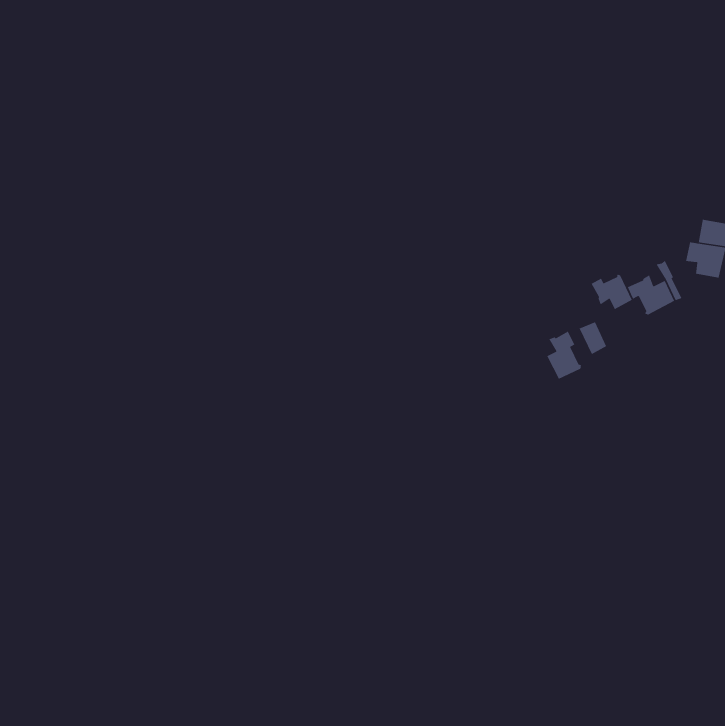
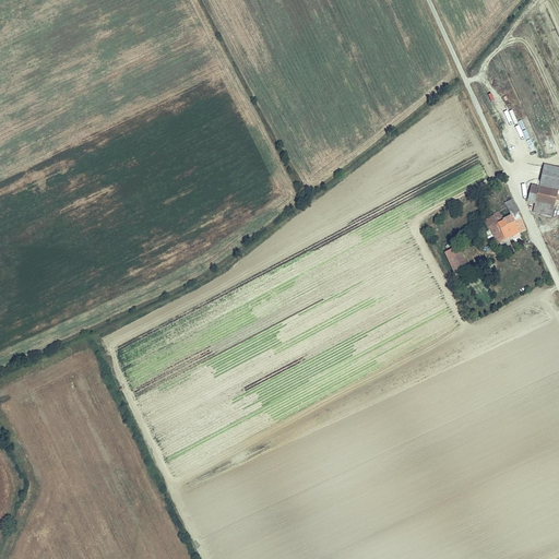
building: [591,274,633,310] -> none
building: [546,331,582,380] -> none

